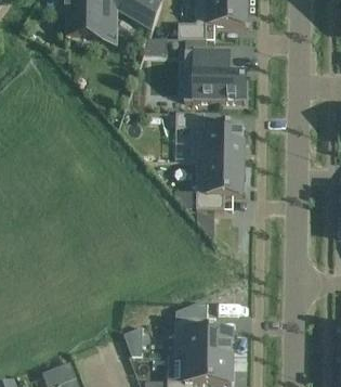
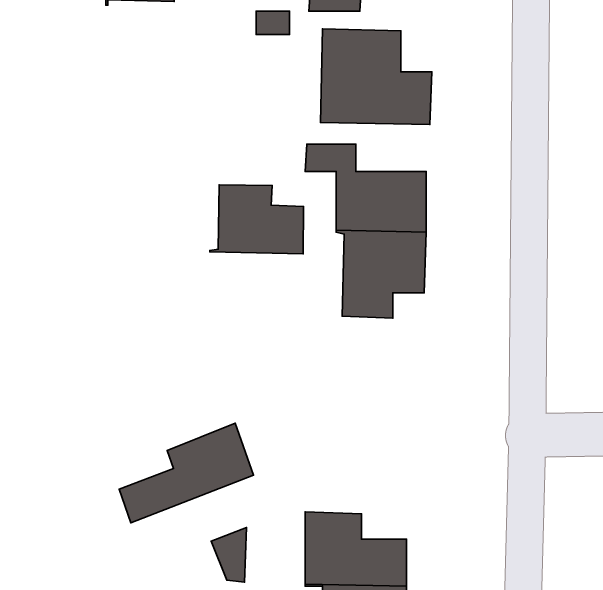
building: none -> [210,185,304,254]
building: none -> [119,423,254,523]

